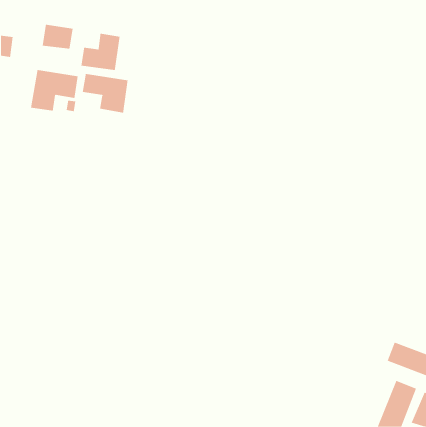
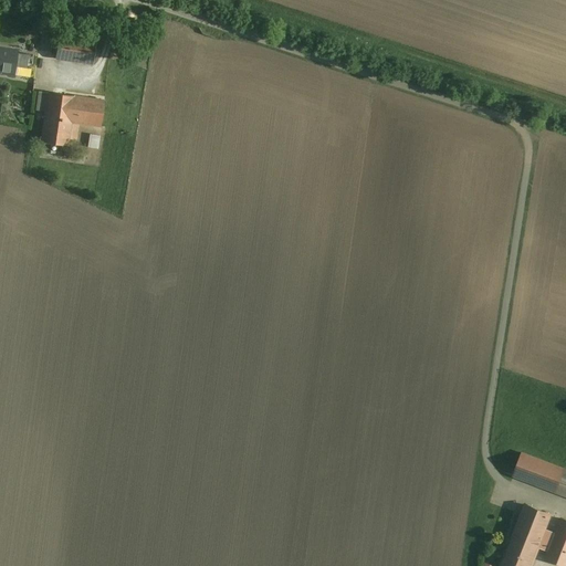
building: [81,33,120,71] -> none
building: [82,73,128,113] -> none

